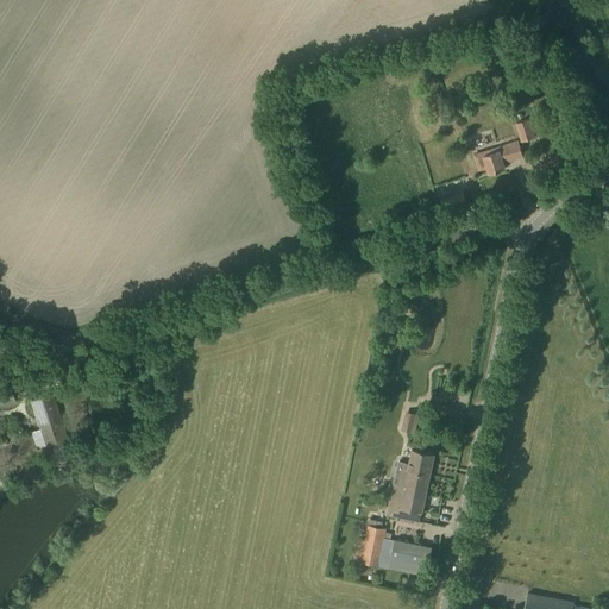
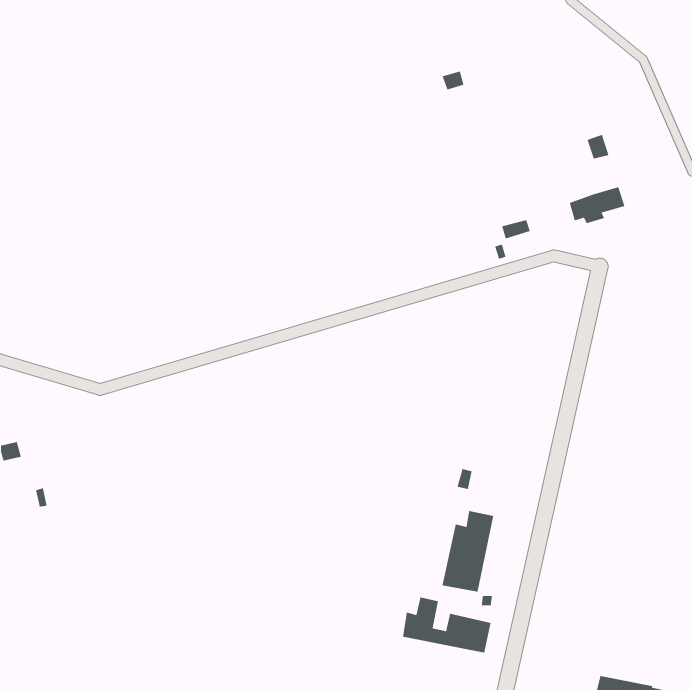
building: [473,140,523,174] -> [569,186,626,224]
building: [31,394,65,446] -> none

